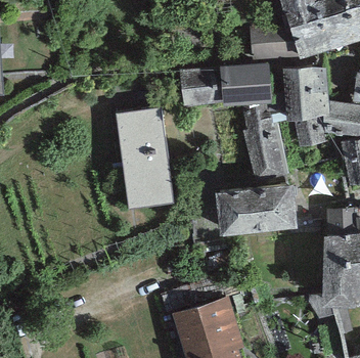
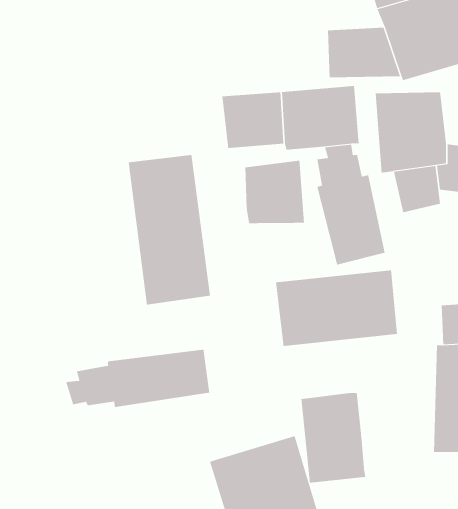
building: none -> [245,160,305,224]
building: none -> [65,349,210,408]
building: none -> [301,392,366,484]

